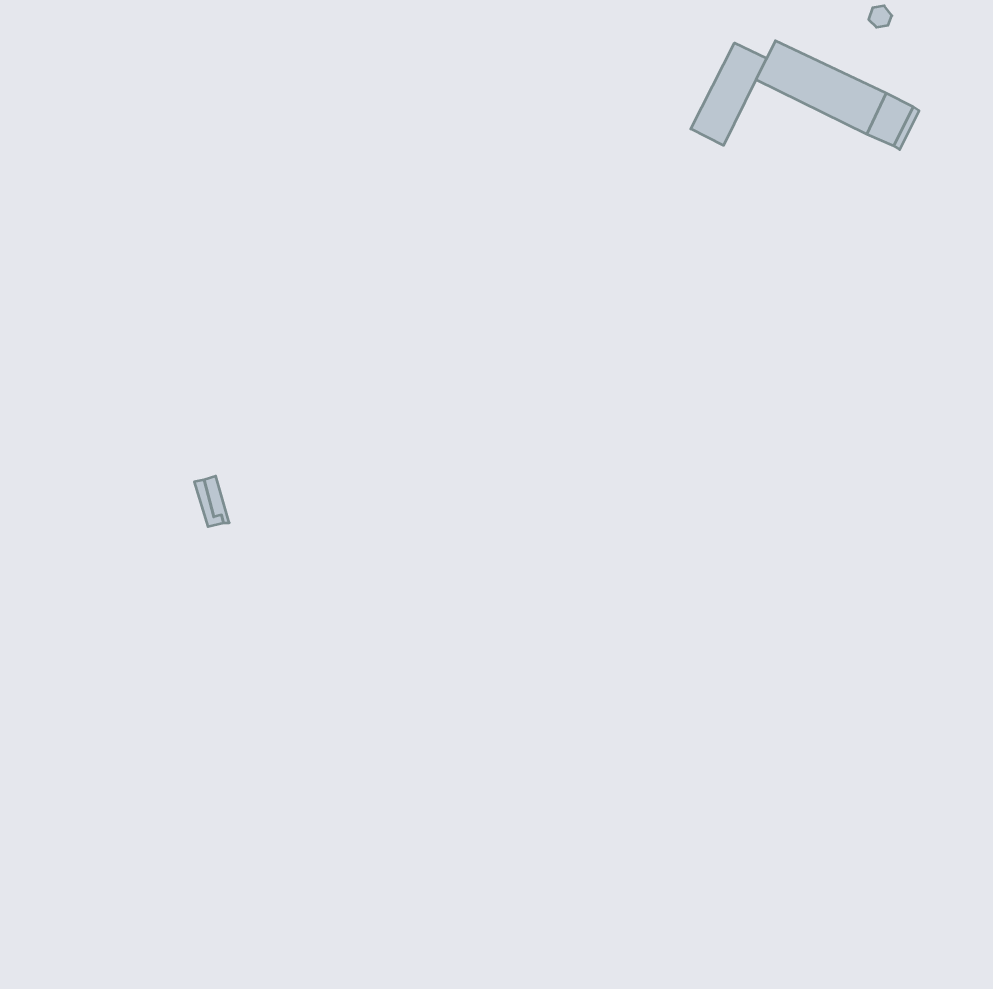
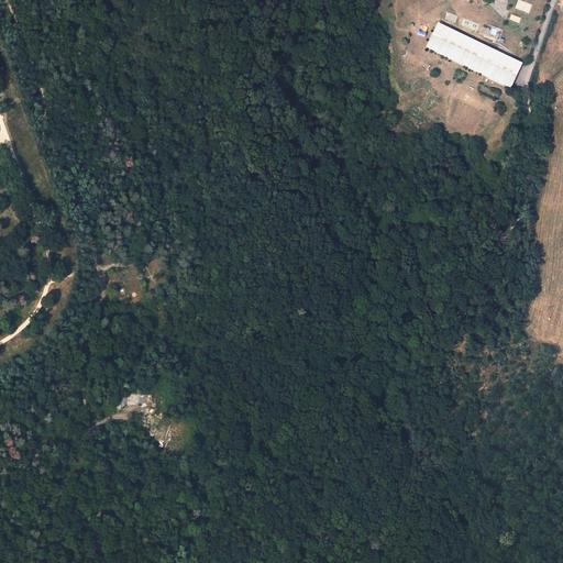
building: [691,43,766,145] -> none

